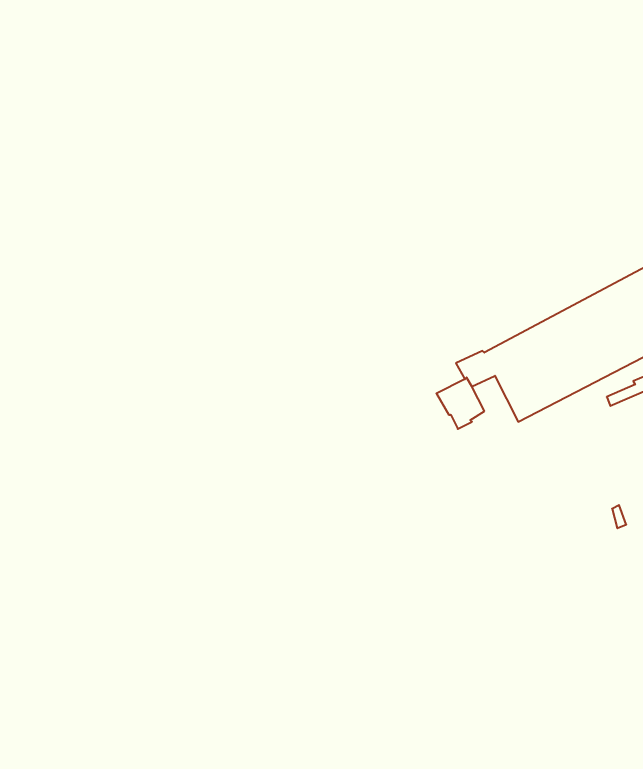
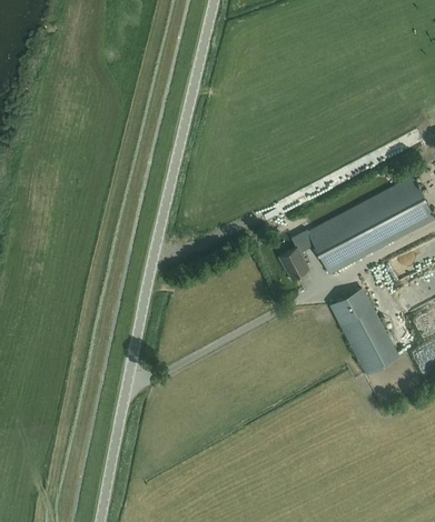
building: none -> [332,289,397,372]

